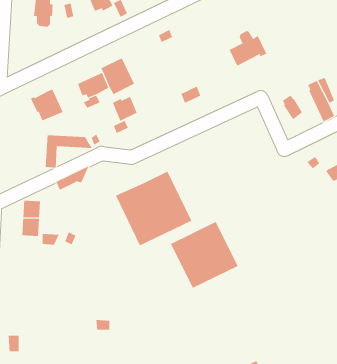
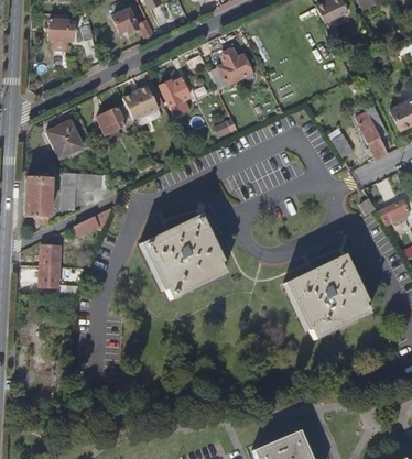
building: [229,30,267,67] -> [210,48,253,89]
building: [112,96,137,122] -> [162,78,191,107]
building: none -> [25,177,51,225]
building: [170,221,239,289] -> [292,255,369,331]

